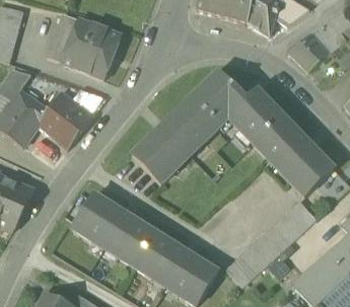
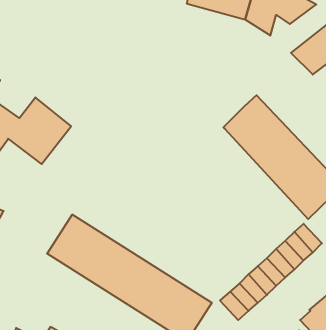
building: [49,14,120,77] -> none
building: [134,69,247,183] -> none

